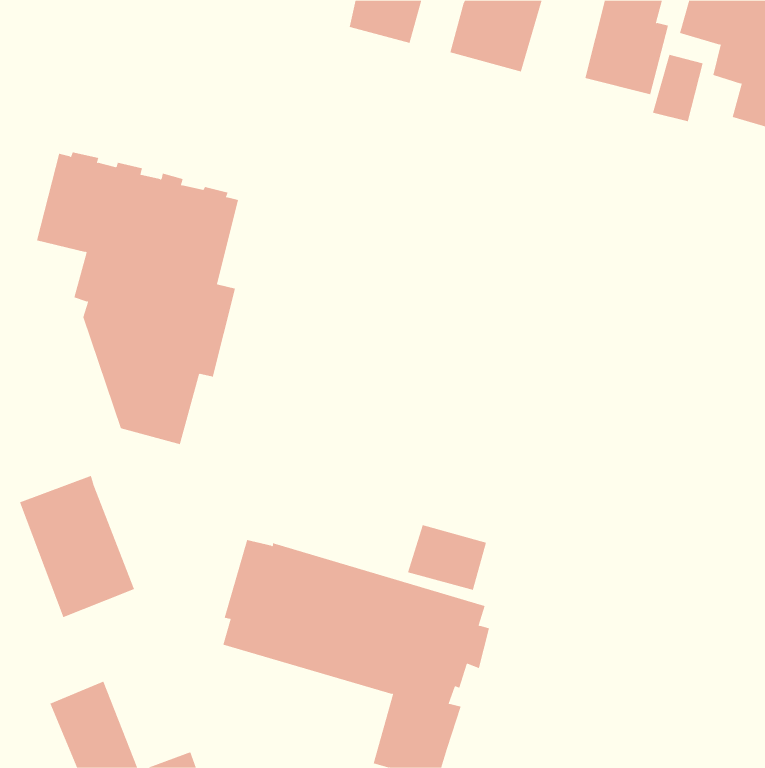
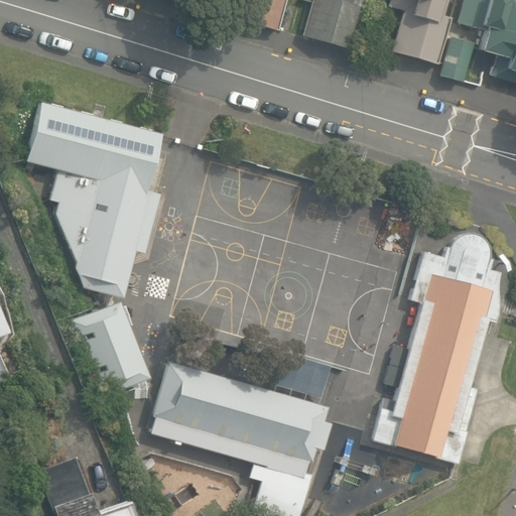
building: none -> [372,233,501,463]
building: [19,475,135,618] -> [73,300,150,396]

